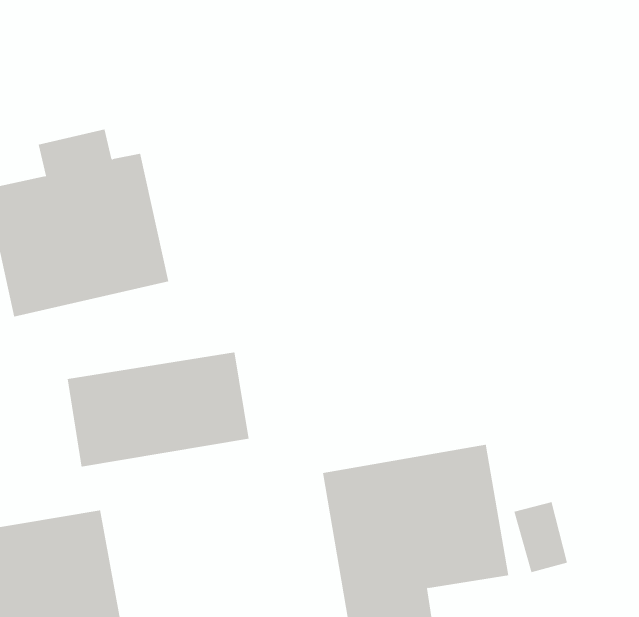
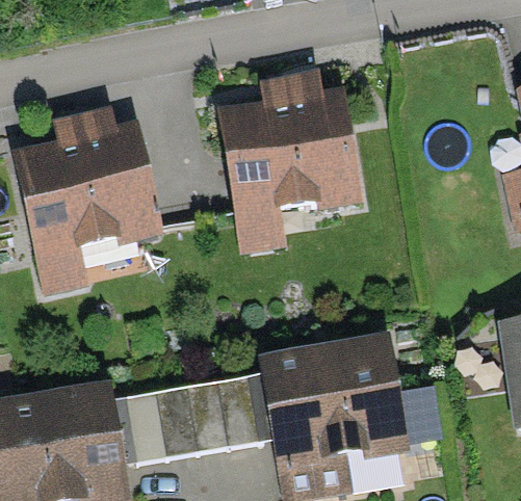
building: none -> [225,80,356,214]
building: [67,352,250,467] -> [126,376,259,460]

